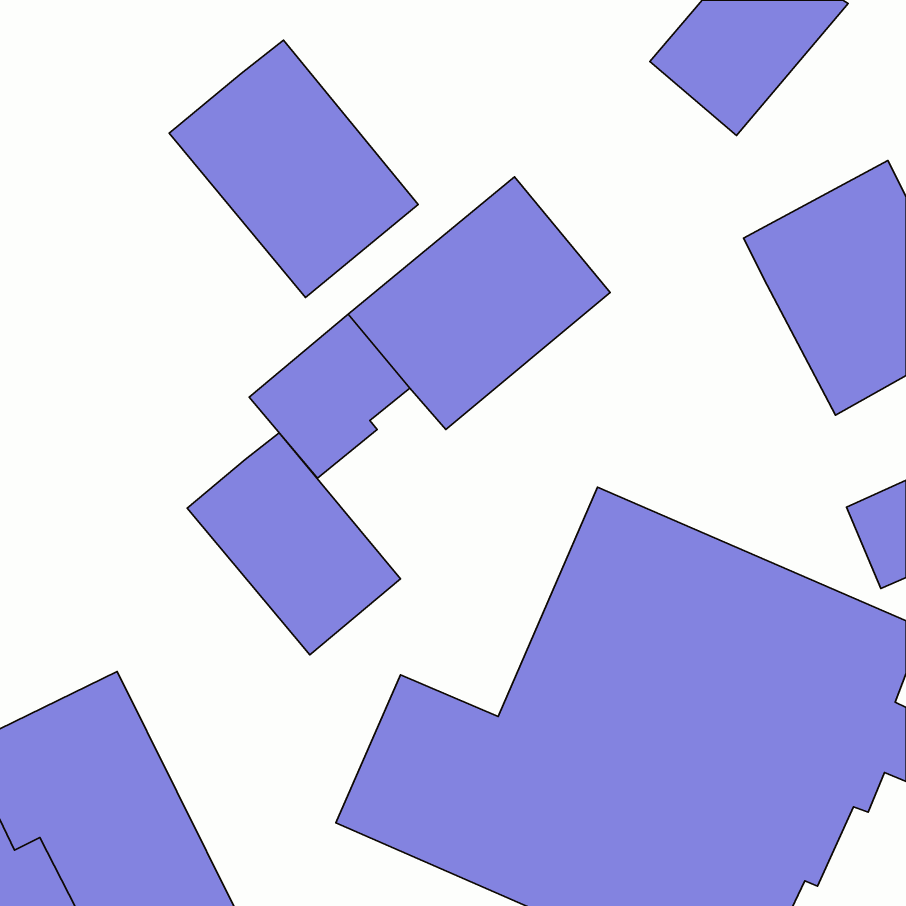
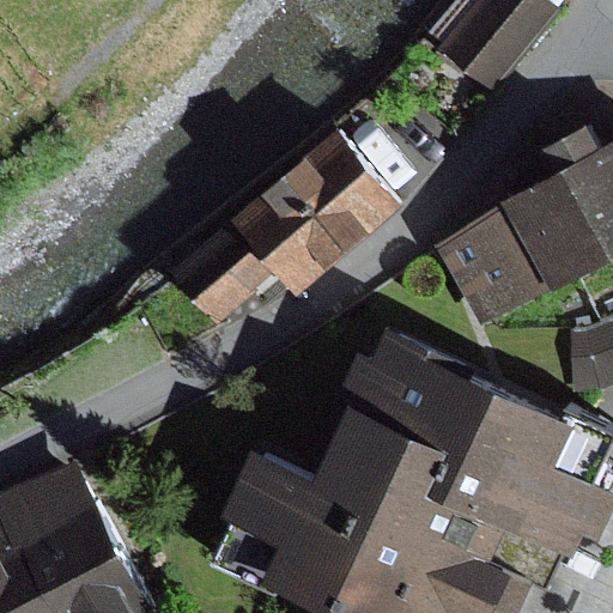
building: [169,40,418,298] -> none
building: none -> [426,200,554,329]
building: [187,433,401,655] -> none

